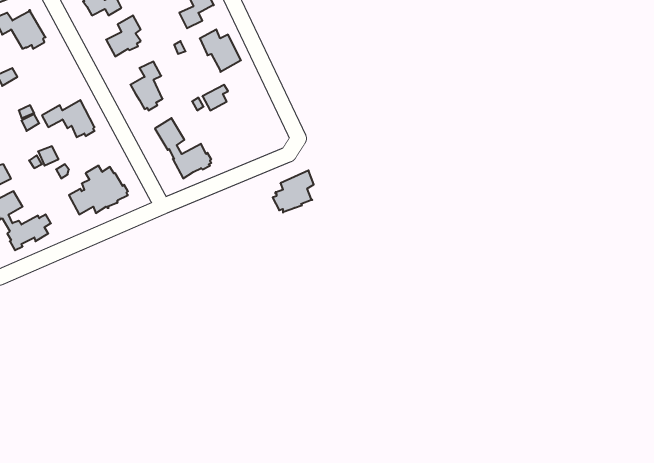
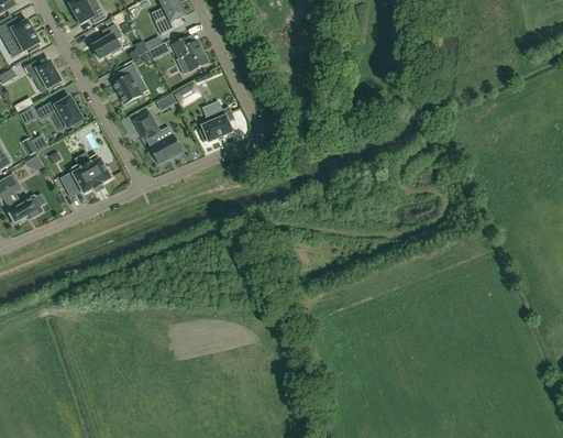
building: none -> [23,59,60,88]
building: [273,170,314,213] -> [198,106,233,142]

